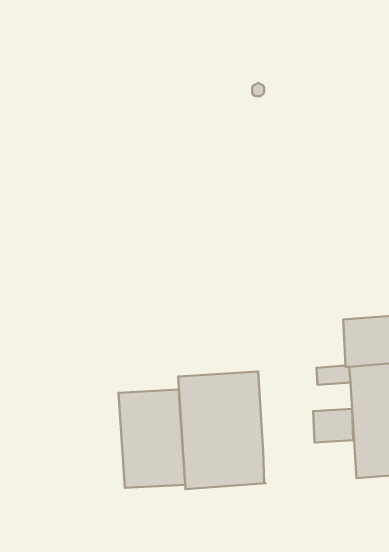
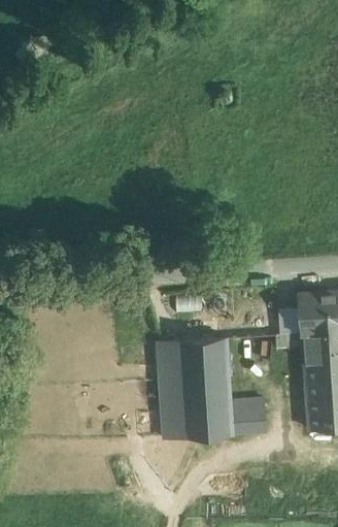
building: [119,390,185,488] -> none
building: [313,409,353,443] -> [229,404,263,433]

